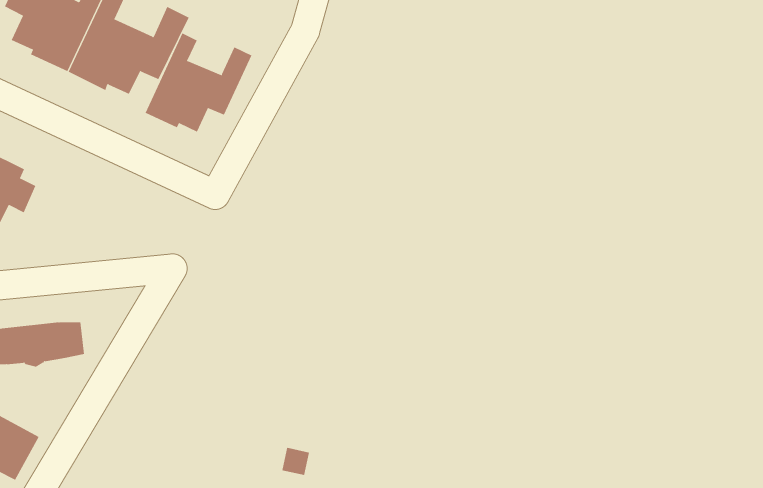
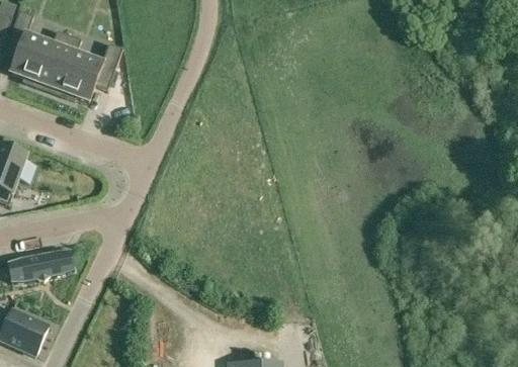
building: [145,32,252,133] -> none

